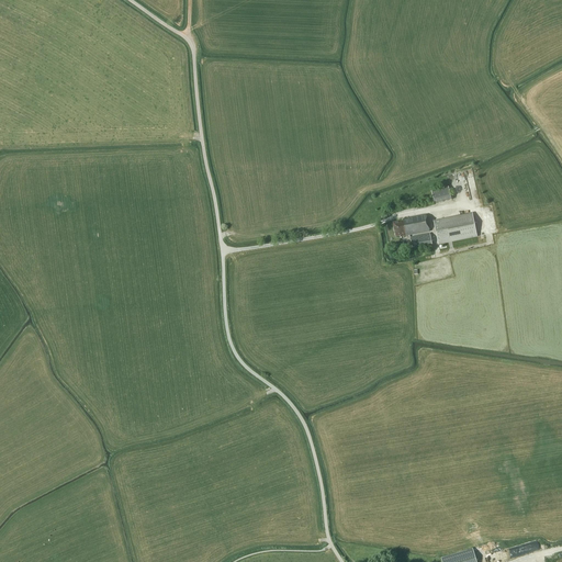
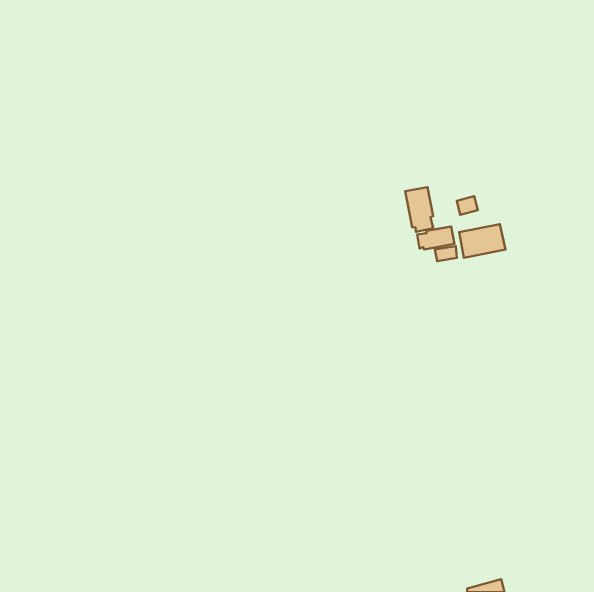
building: none -> [405,187,433,232]

